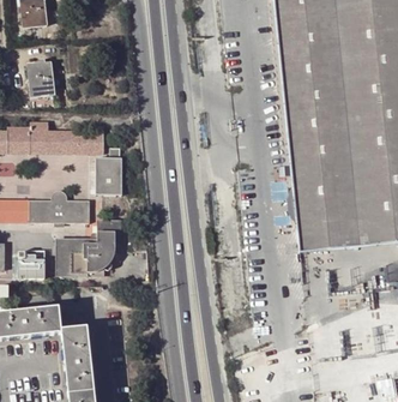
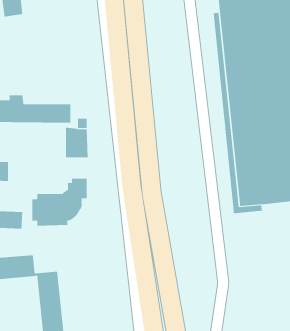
building: [26,61,55,97] -> none
building: [30,192,91,222] -> none

